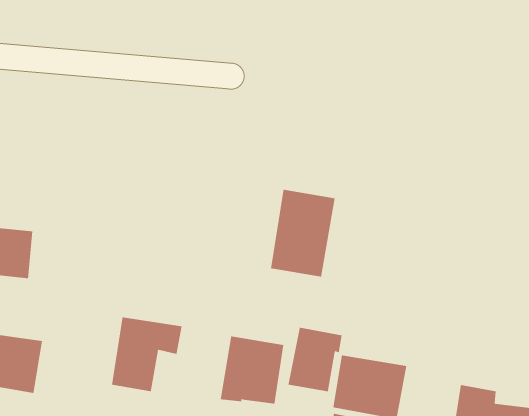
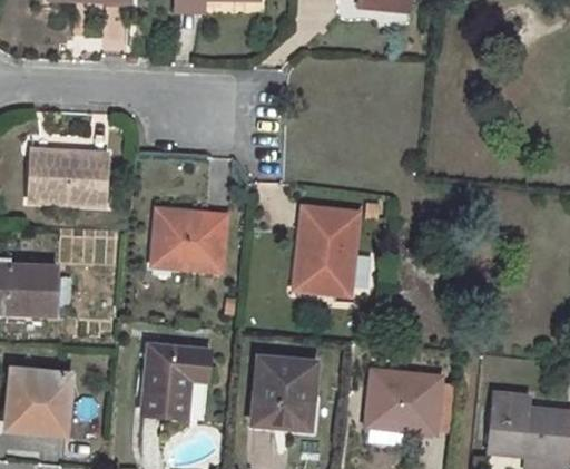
building: none -> [30,149,107,204]
building: none -> [154,211,224,268]
building: [288,327,342,392] -> none

